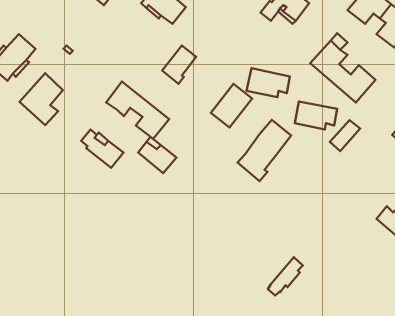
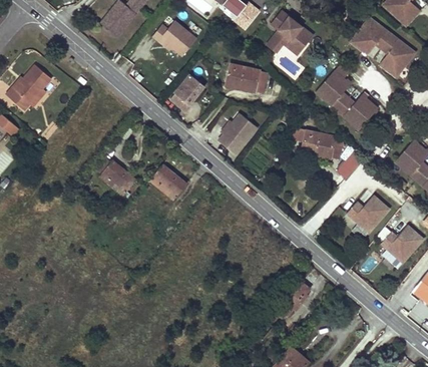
building: [246,68,290,97] -> [225,63,267,91]
building: [20,73,63,125] -> none
building: [106,82,169,139] -> none
building: [237,120,291,181] -> none
building: none -> [346,195,388,233]

